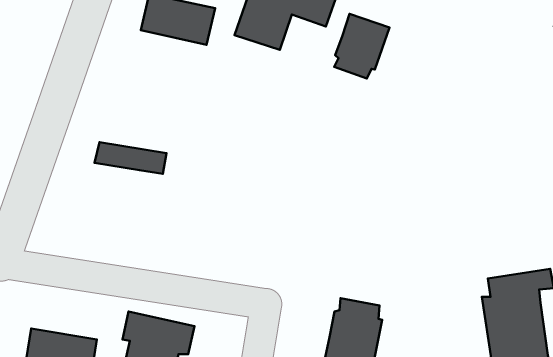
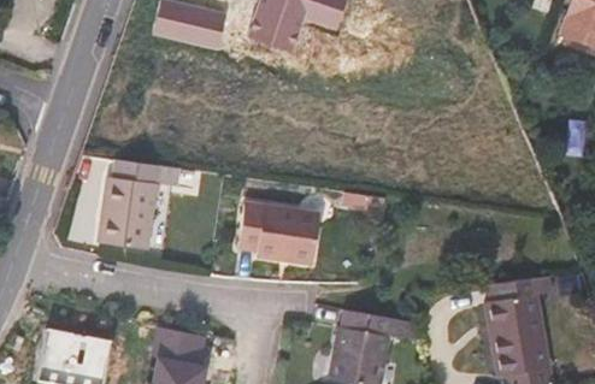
building: [334,14,389,79] -> none
building: none -> [92,170,152,246]
building: none -> [232,199,316,262]

